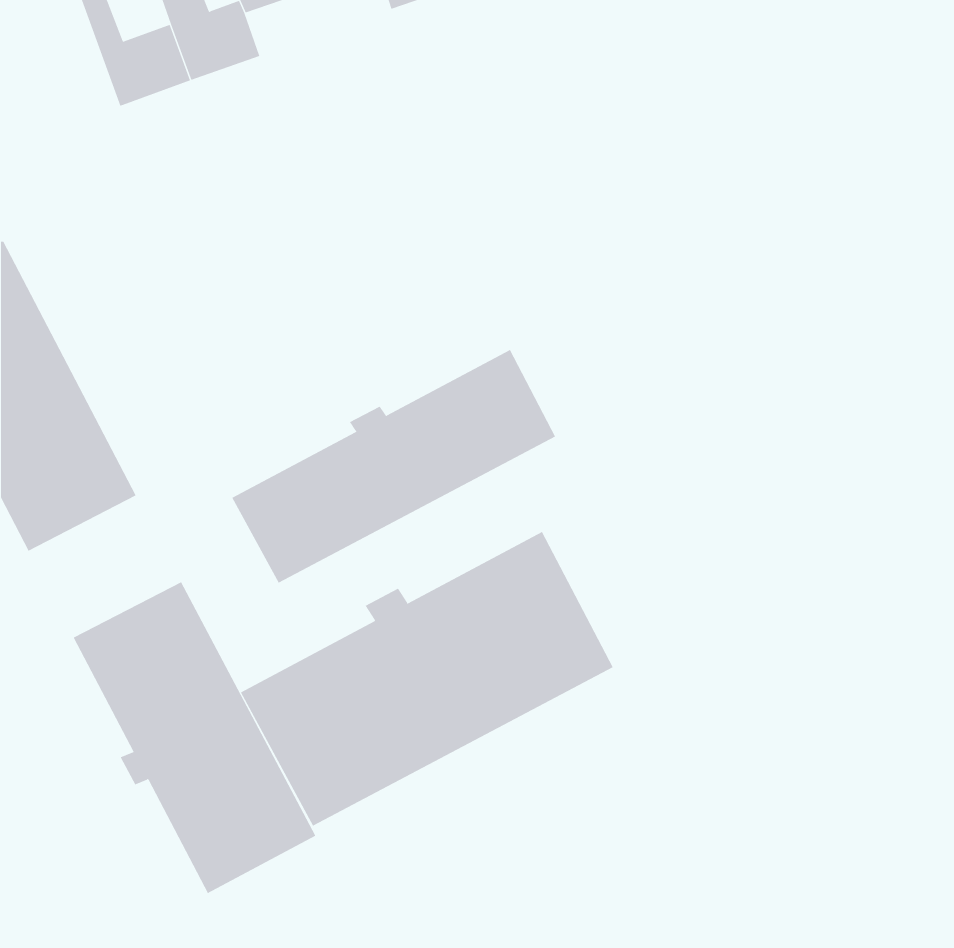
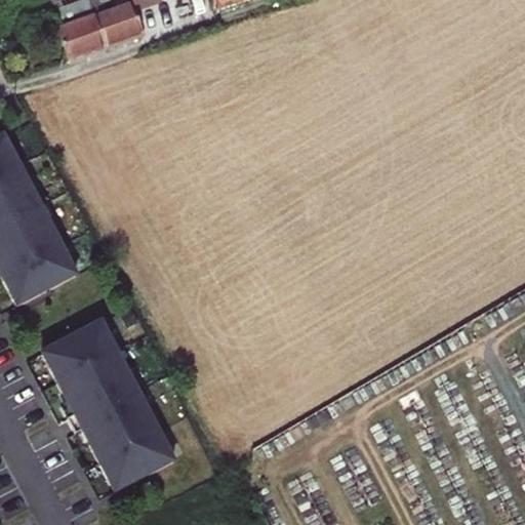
building: [232,349,556,583] -> none
building: [240,531,614,827] -> none

